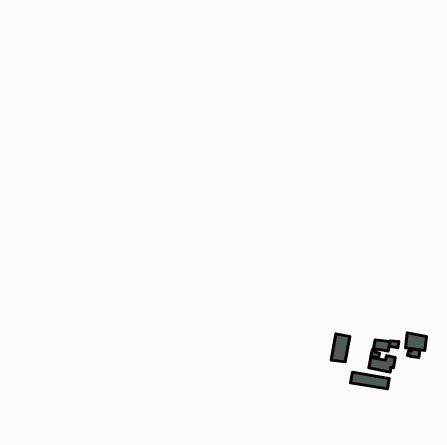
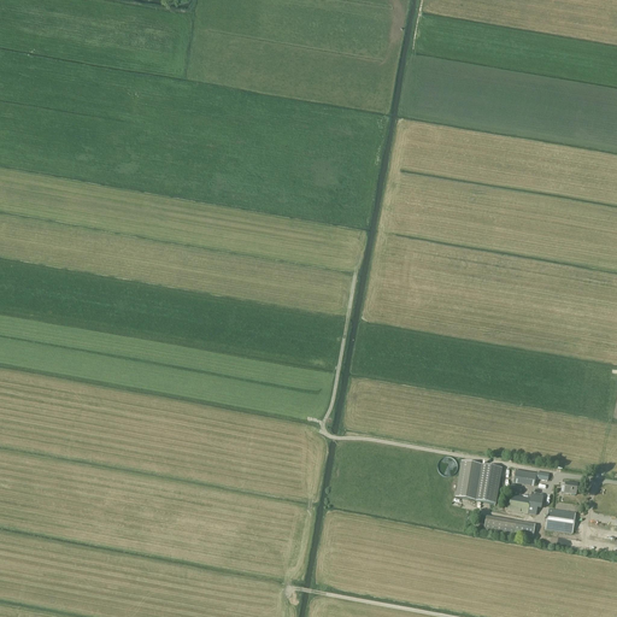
building: [405,333,426,350] -> [547,506,576,530]
building: none -> [476,463,503,501]

